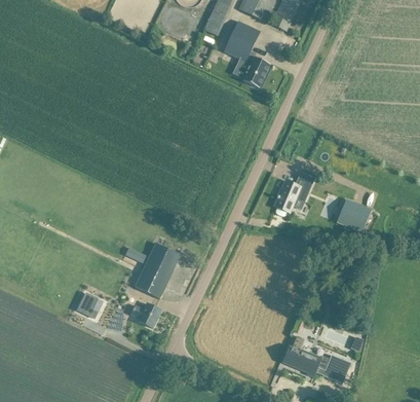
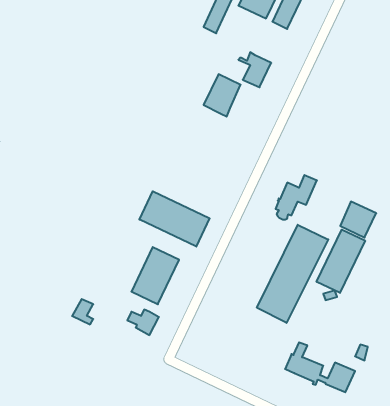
building: [223,21,259,62] -> [204,74,241,117]
building: none -> [139,191,210,247]
building: none -> [257,225,328,323]
building: none -> [317,230,365,293]

